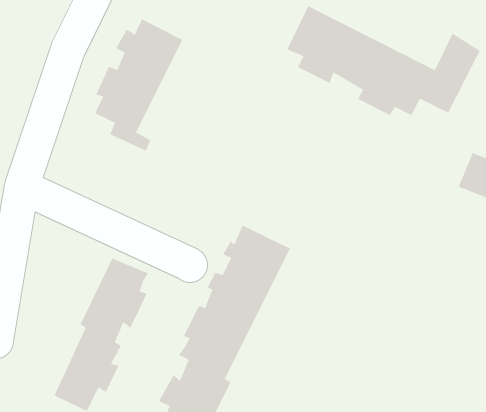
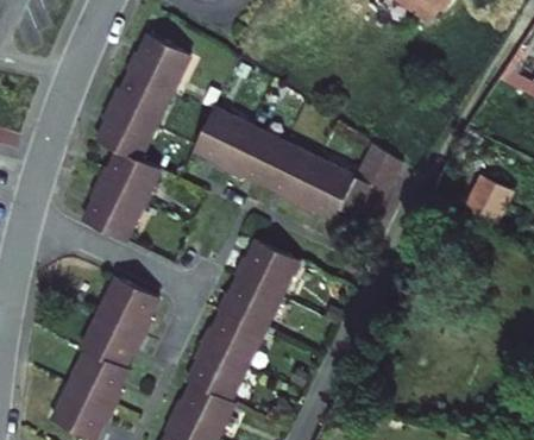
building: [286,6,481,116] -> [205,113,400,224]
building: none -> [84,156,152,237]

